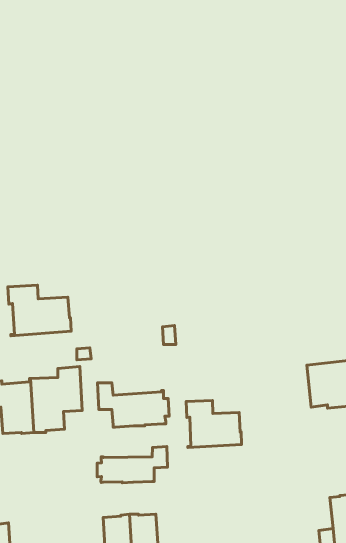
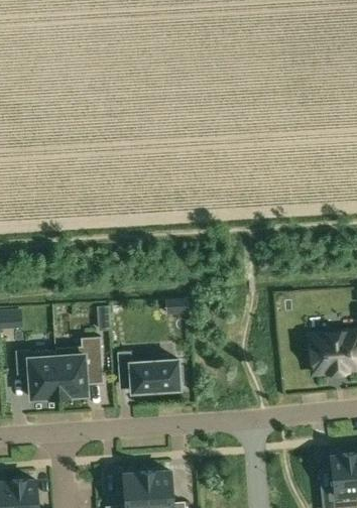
building: [8,285,71,336] -> none
building: [186,401,242,448] -> none
building: [97,447,168,483] -> none

